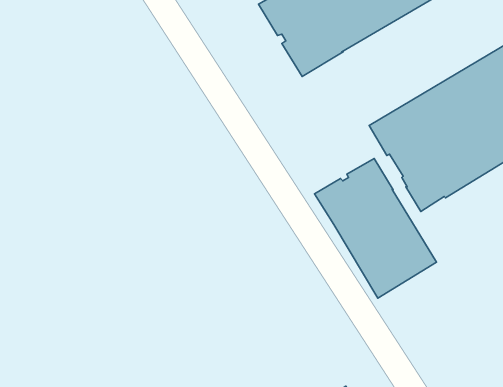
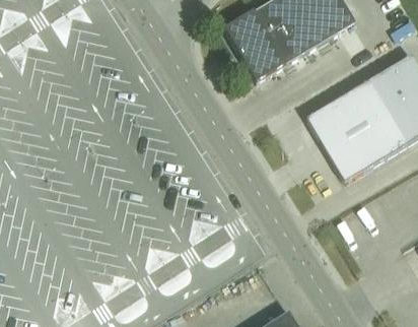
building: [315,158,437,298] -> none

